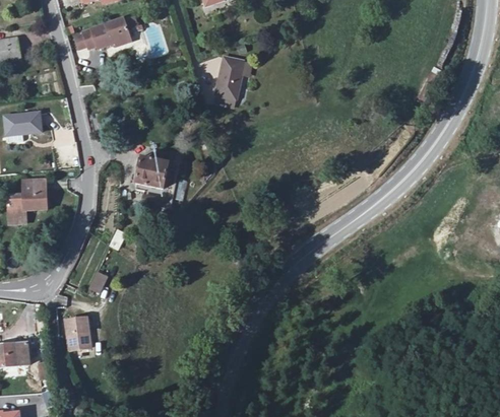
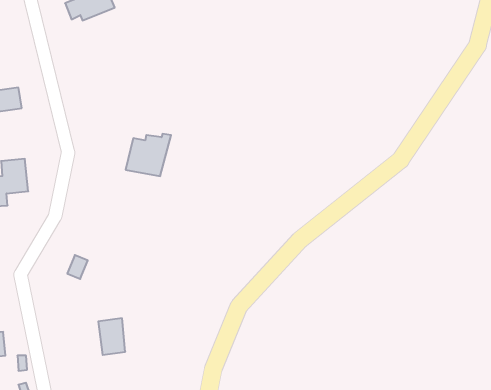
building: [213,59,245,100] -> none
building: [64,317,89,351] -> [98,318,125,355]

